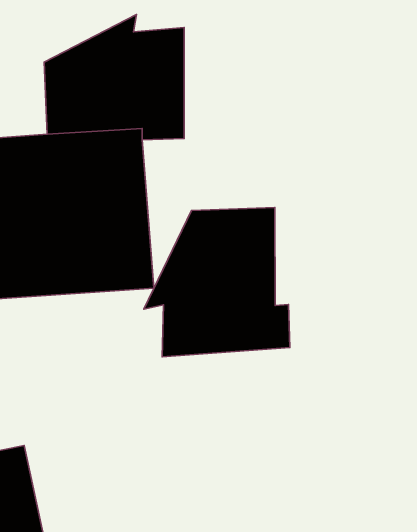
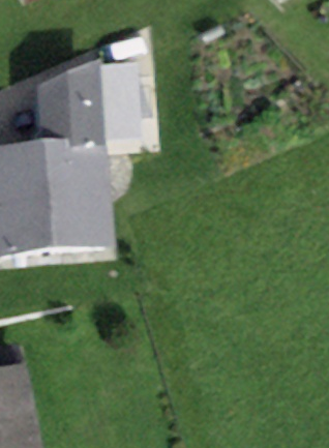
building: [144,208,290,357] -> none

